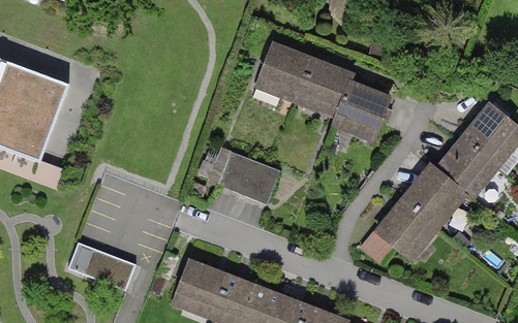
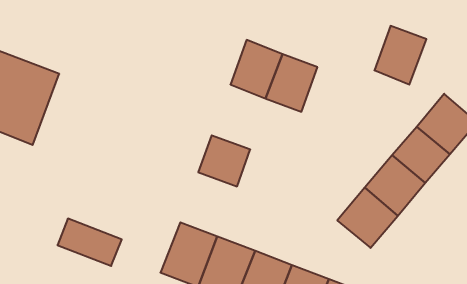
building: [331,75,388,139] -> [374,26,426,85]

